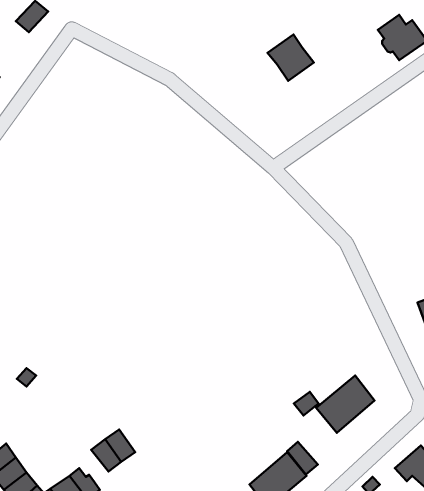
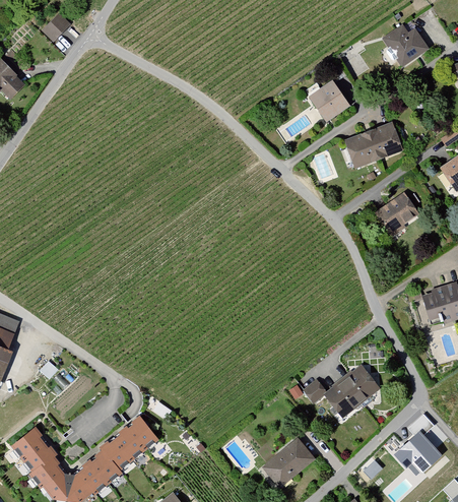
building: [268,34,314,81] -> [307,78,350,122]
building: none -> [343,122,402,170]
building: none -> [374,192,419,238]
building: [287,442,318,474] -> none
building: none -> [95,435,128,465]

